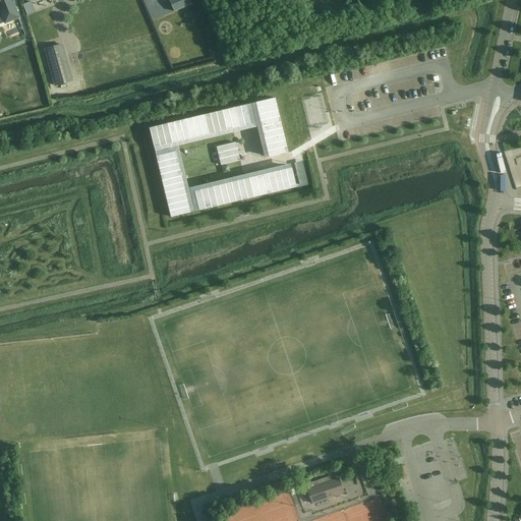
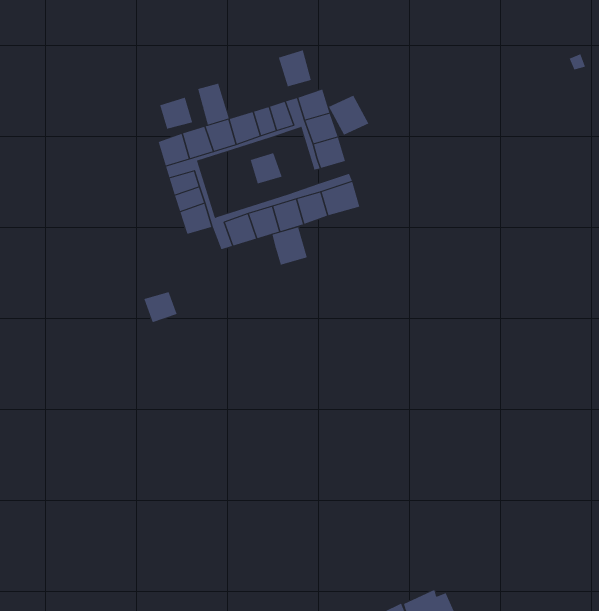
building: [45,44,71,84] -> none
building: none -> [278,50,311,87]
building: none -> [198,83,229,125]
building: none -> [160,97,193,130]
building: none -> [328,95,369,135]
building: [166,193,190,216] -> [144,291,178,323]
building: none -> [272,227,307,266]

